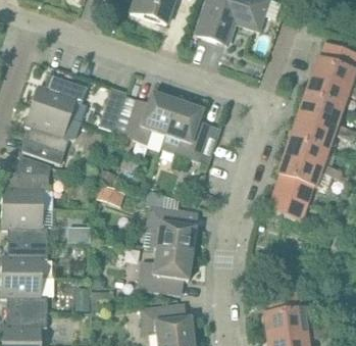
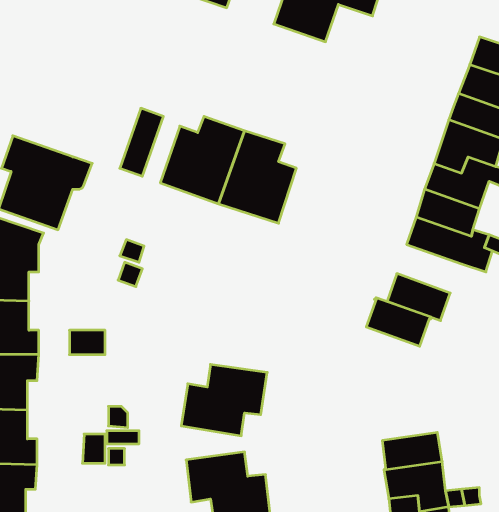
building: [32,73,87,121] -> none
building: [273,172,314,203] -> [366,298,431,346]
building: [144,196,196,253] -> none

